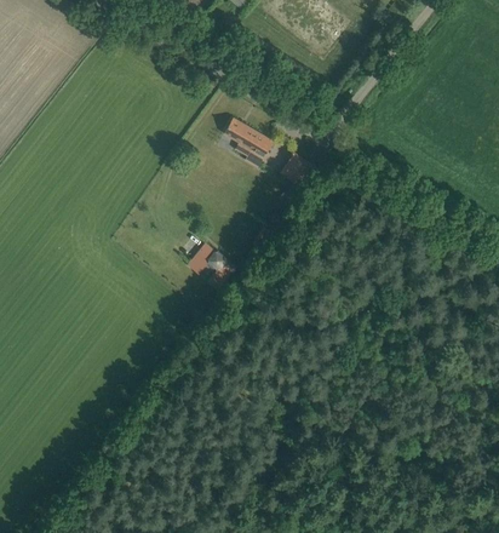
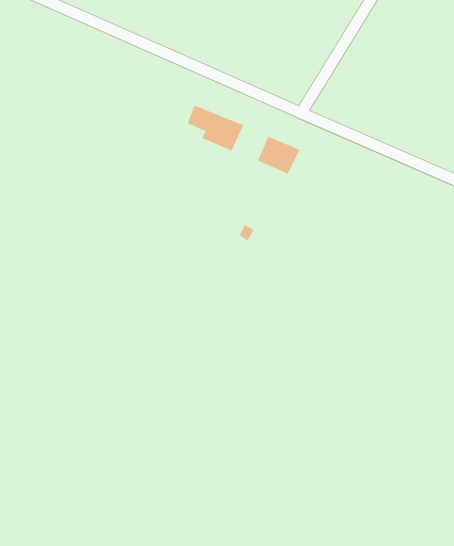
building: [190,243,235,286] -> none

